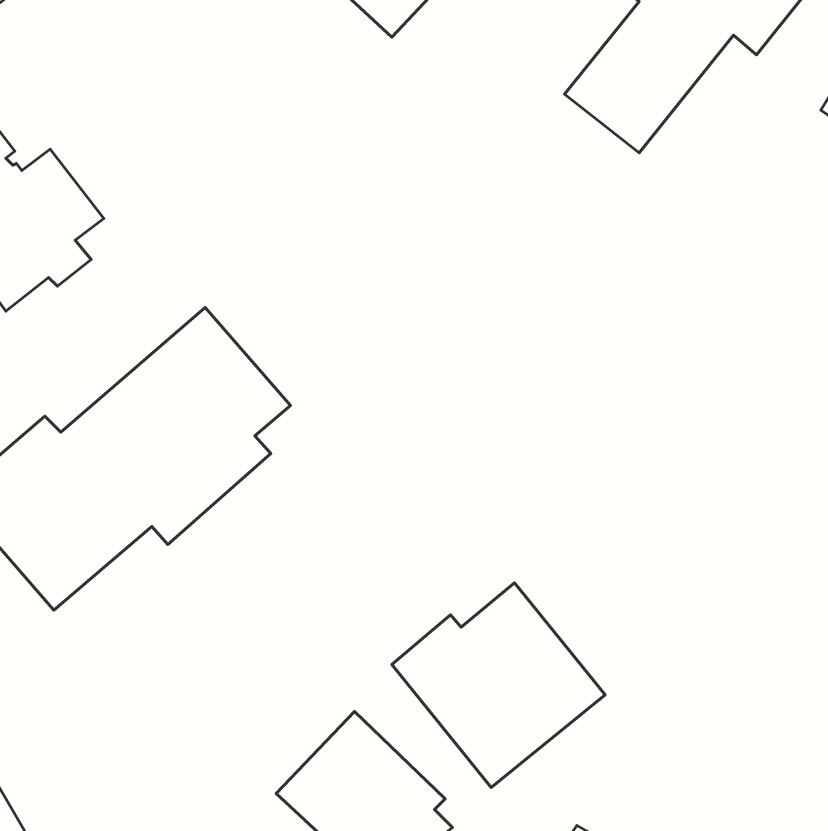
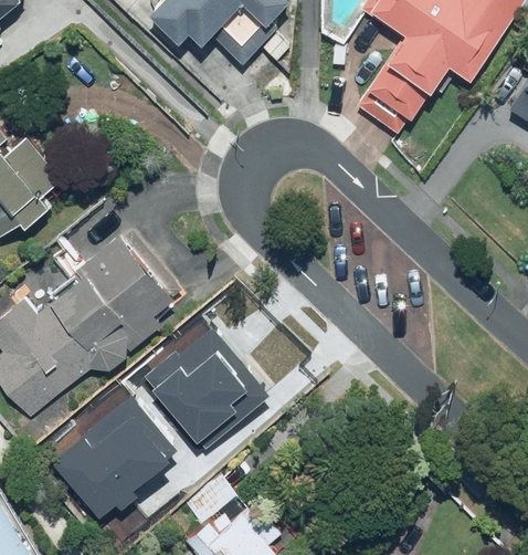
building: none -> [43,397,176,523]
building: [392,583,605,787] -> [133,333,265,460]

